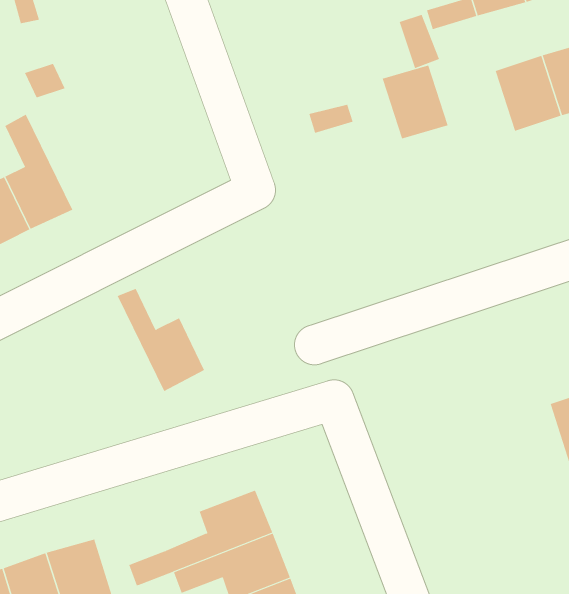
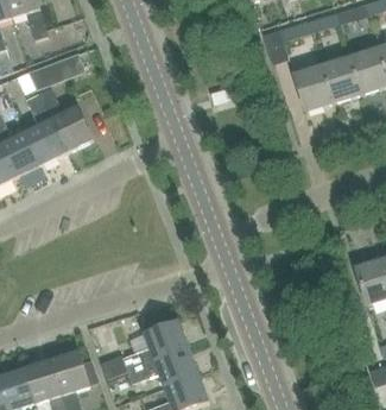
building: [382,65,448,139] -> [295,65,335,111]
building: [117,288,205,392] -> [39,87,93,150]

